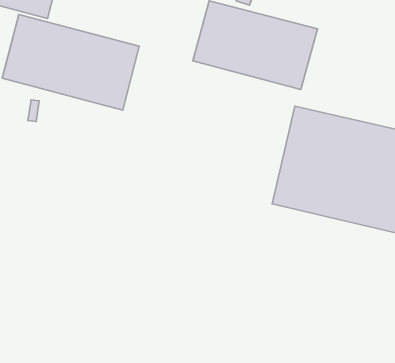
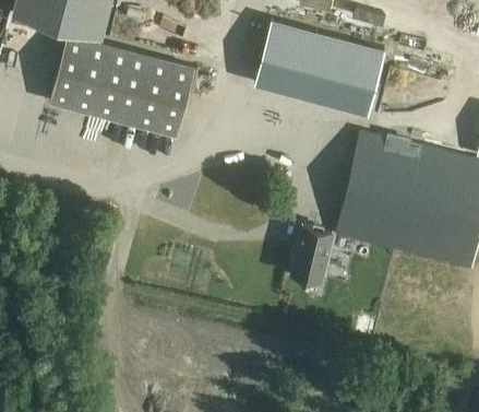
building: none -> [291,225,335,283]

